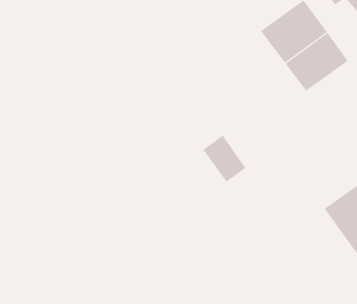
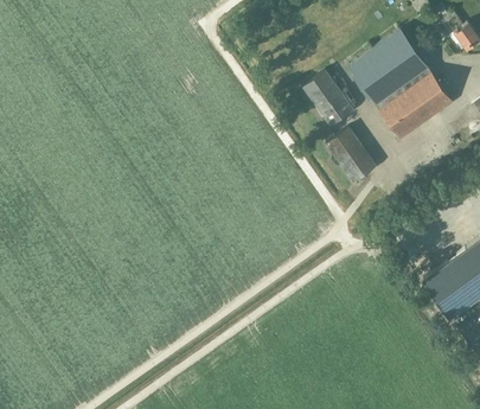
building: none -> [301,70,353,126]
building: [202,135,246,183] -> [325,126,377,183]

